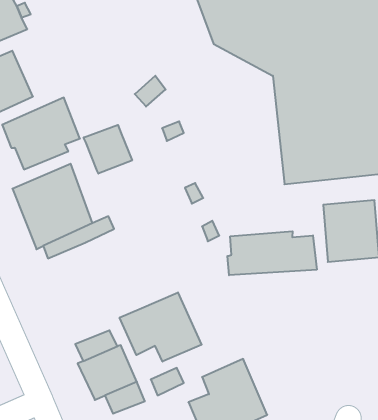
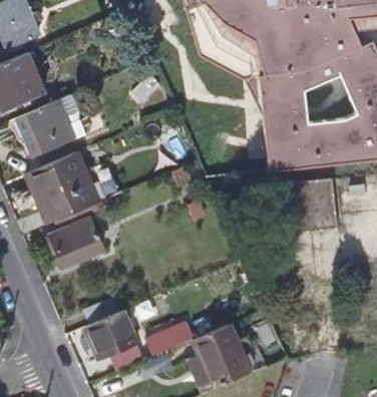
building: [84,125,132,174] -> none
building: [227,231,317,275] -> none
building: none -> [46,220,102,267]
building: [120,292,202,362] -> none

